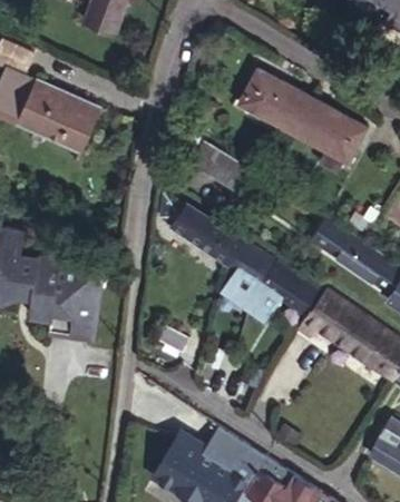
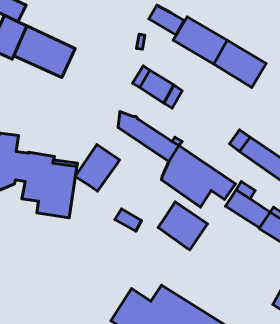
building: none -> [149,5,184,35]
building: none -> [75,144,119,191]
building: none -> [158,202,208,250]

